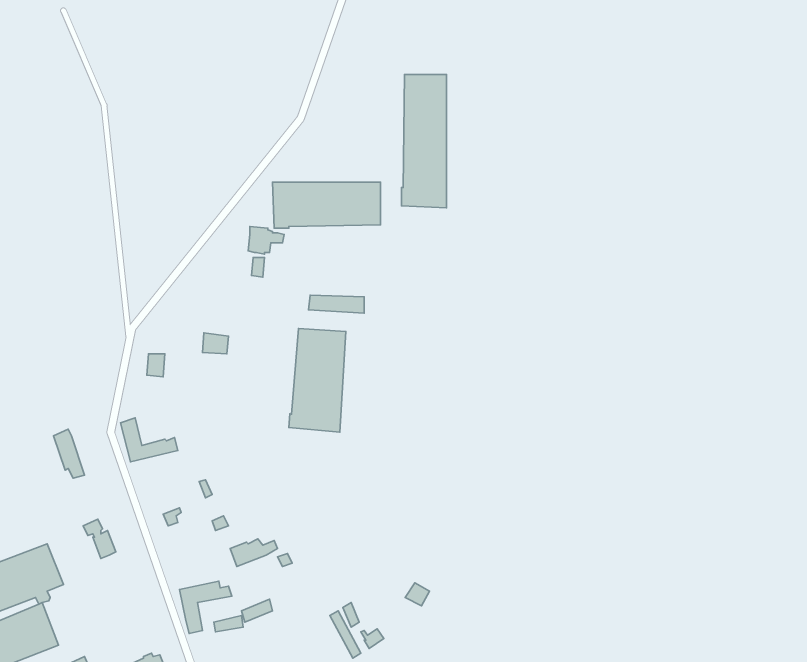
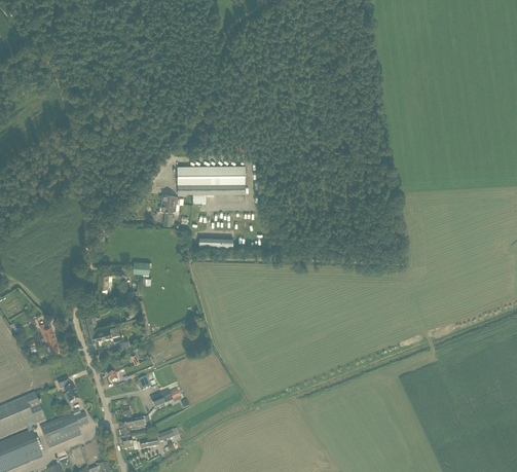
building: [401,75,446,208] -> none
building: [289,329,346,432] -> none
building: none -> [39,411,87,447]

